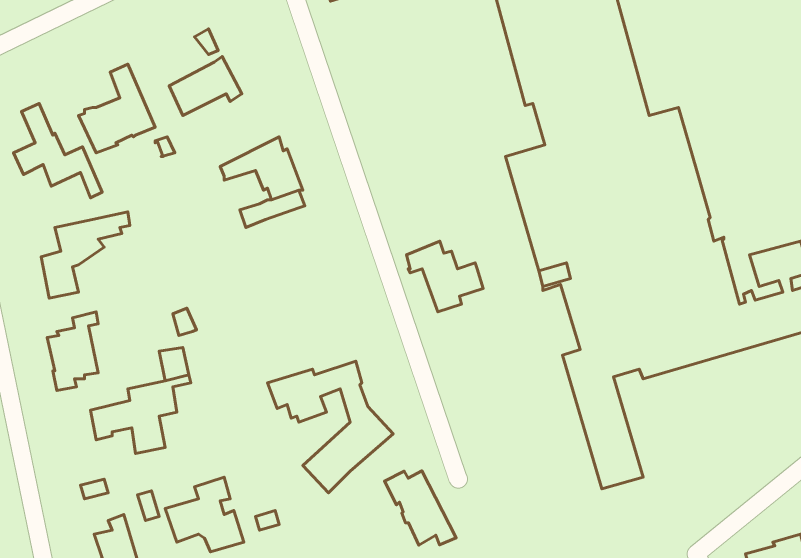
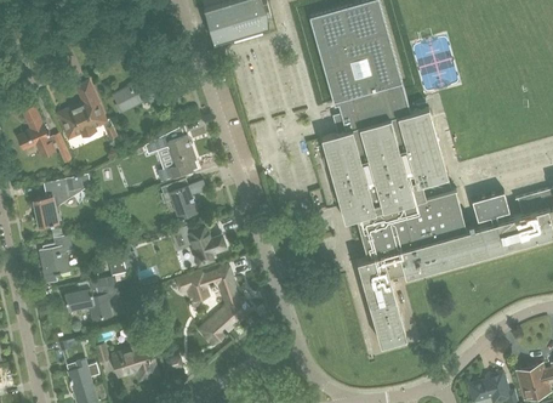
building: none -> [160,178,205,218]
building: [406,241,483,312] -> [178,220,226,263]
building: [385,471,456,545] -> none

